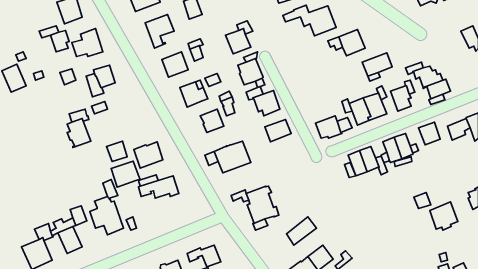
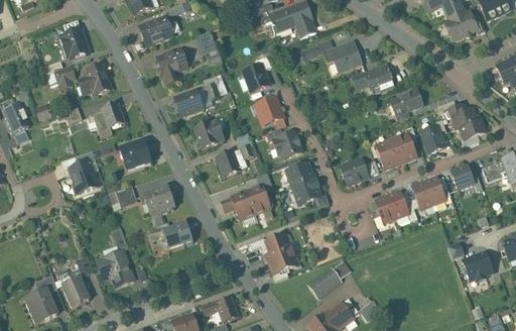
building: none -> [120,141,151,170]
building: none -> [291,178,320,205]
building: [111,161,140,187] -> none

